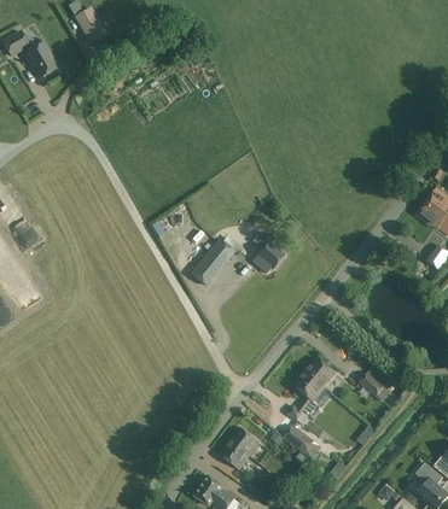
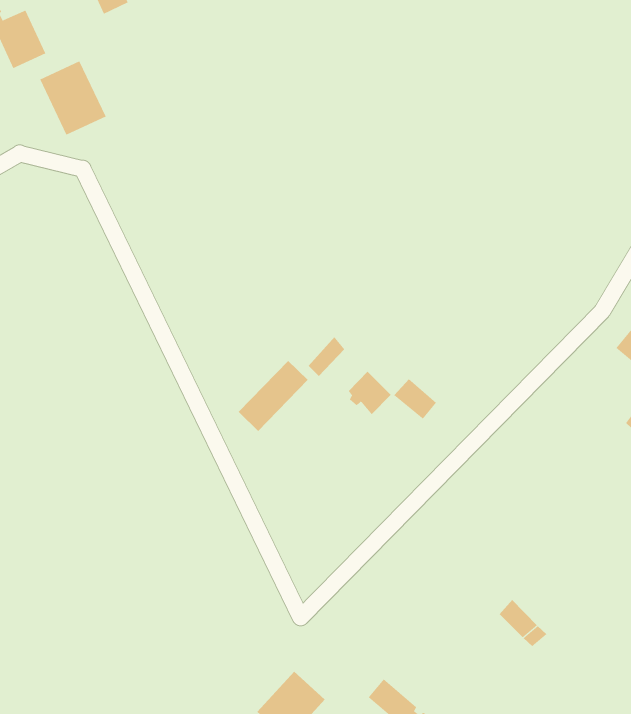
building: none -> [39,60,106,136]
building: [285,358,336,423] -> none

